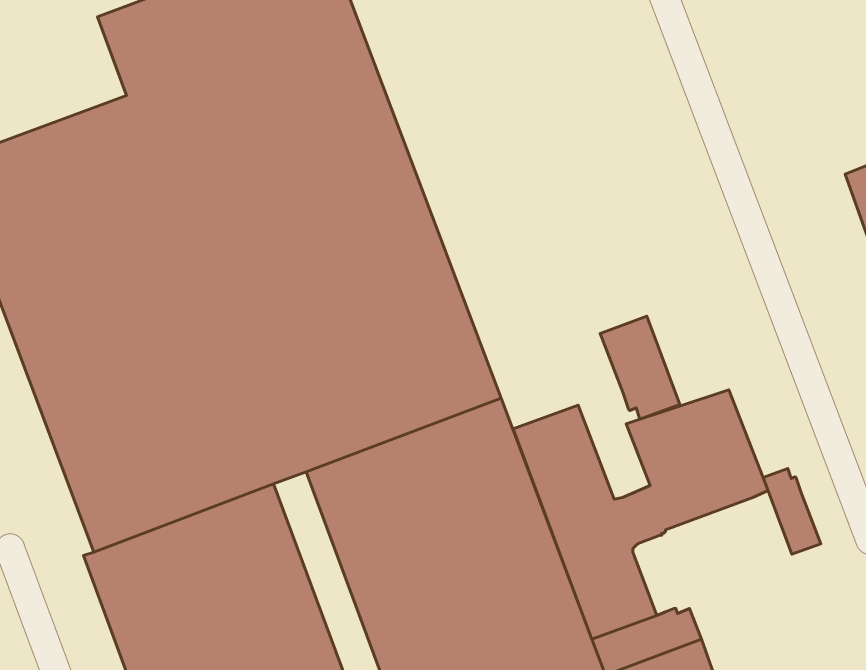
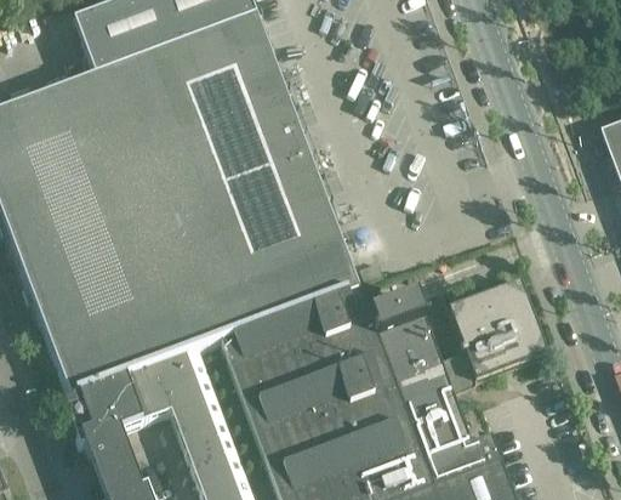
building: [600,316,680,419] -> none
building: [763,468,821,554] -> none

